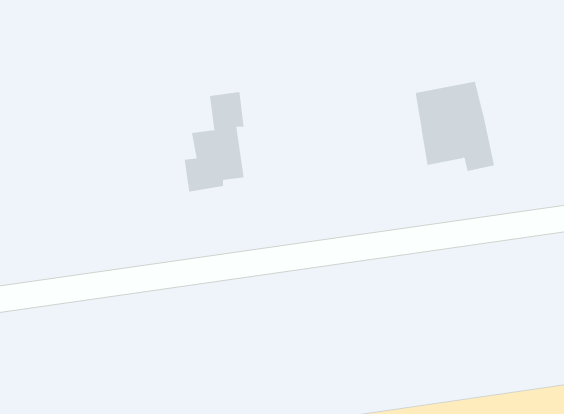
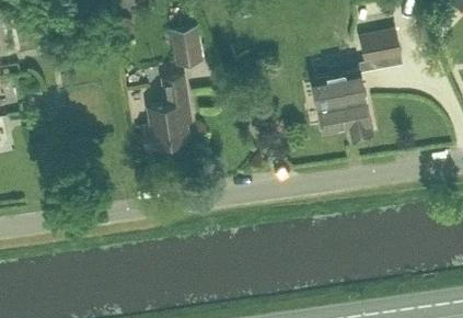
building: none -> [171,25,201,65]
building: none -> [359,30,400,65]

